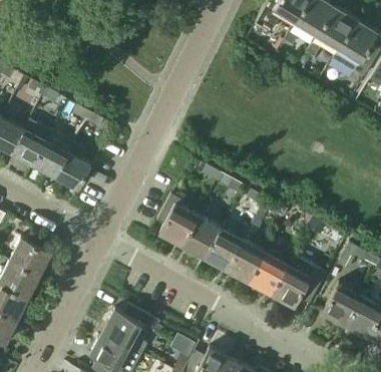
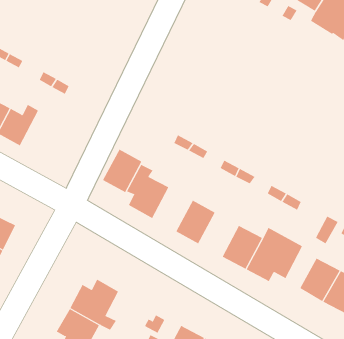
building: [55,143,90,190] -> none
building: [181,217,220,259] -> [102,149,142,193]
building: [226,241,264,283] -> none

